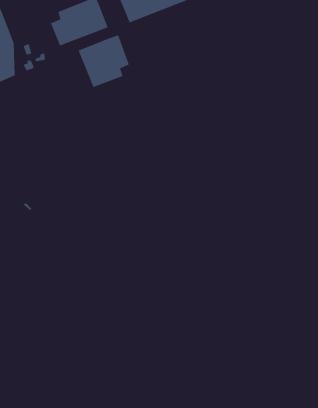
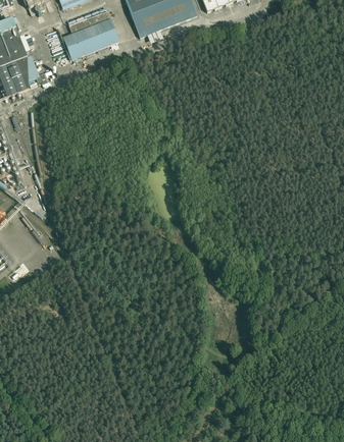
building: [78,34,130,88] -> none

